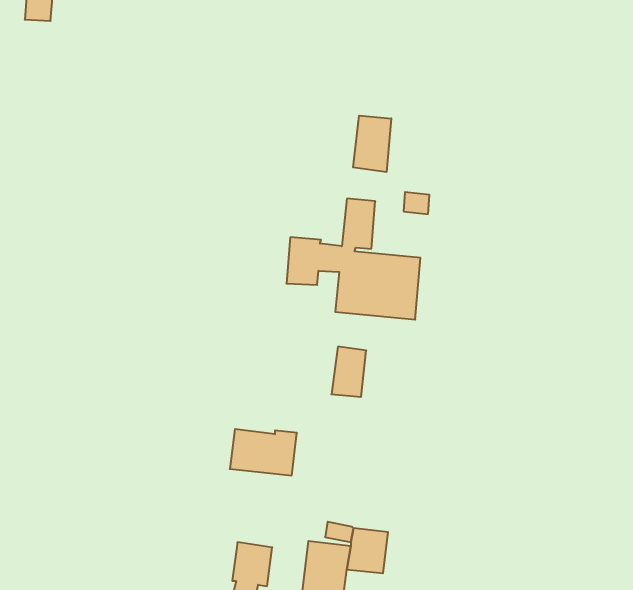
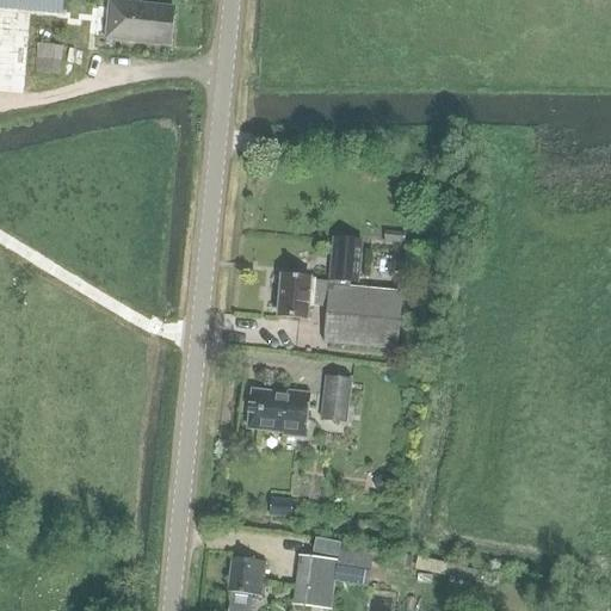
building: [353,116,391,172] -> none
building: [230,429,297,475] -> [246,388,308,431]

